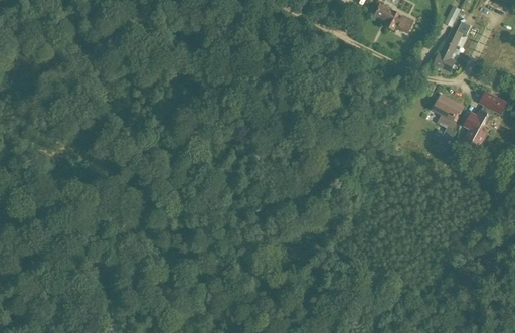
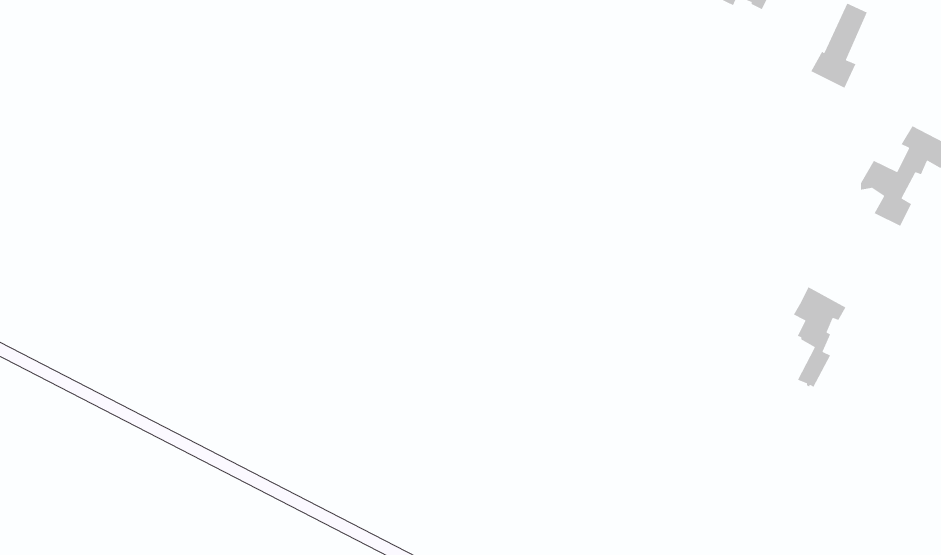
building: [436,95,464,148] -> [793,286,847,388]

